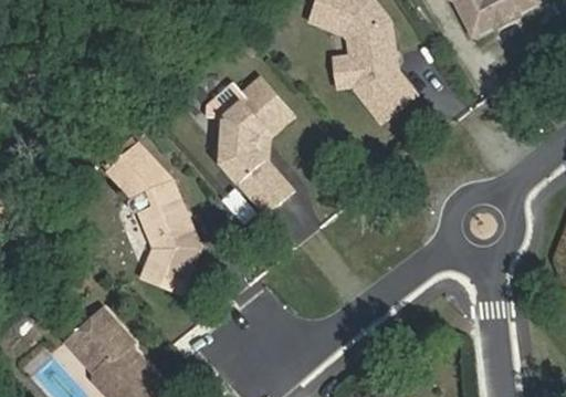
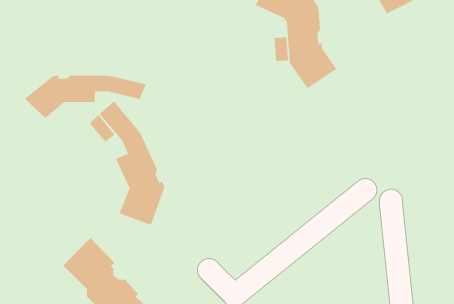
building: [207,80,286,208] -> none
building: none -> [24,75,146,119]

